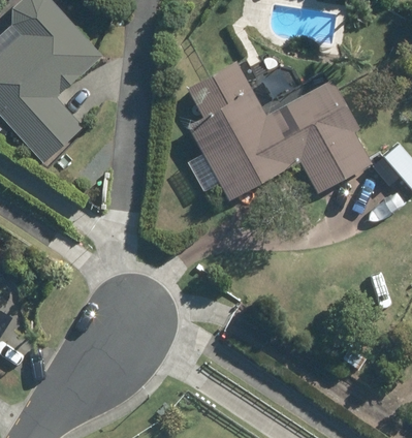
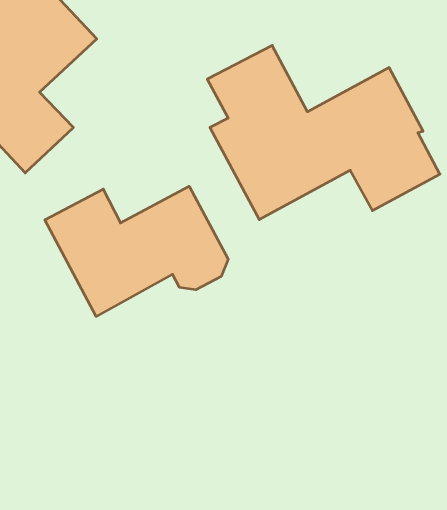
building: none -> [45,186,228,316]

